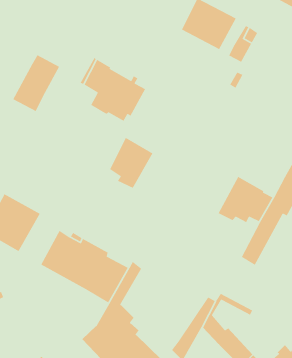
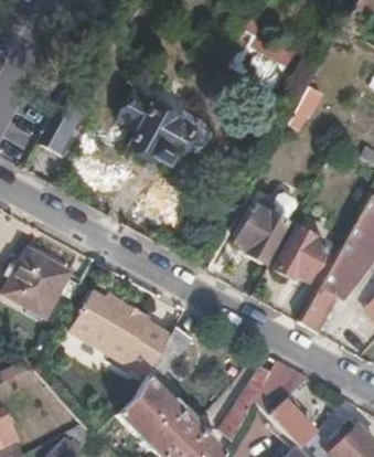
building: [109,137,154,189] -> [236,205,287,265]

